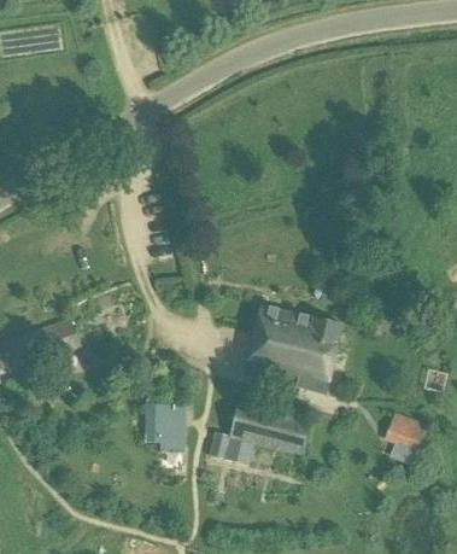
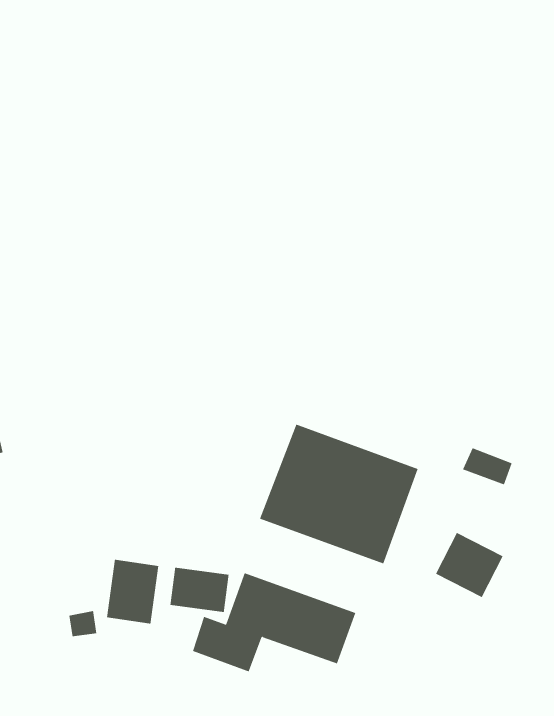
building: none -> [170,567,229,613]
building: [385,413,427,453] -> [435,532,503,598]

